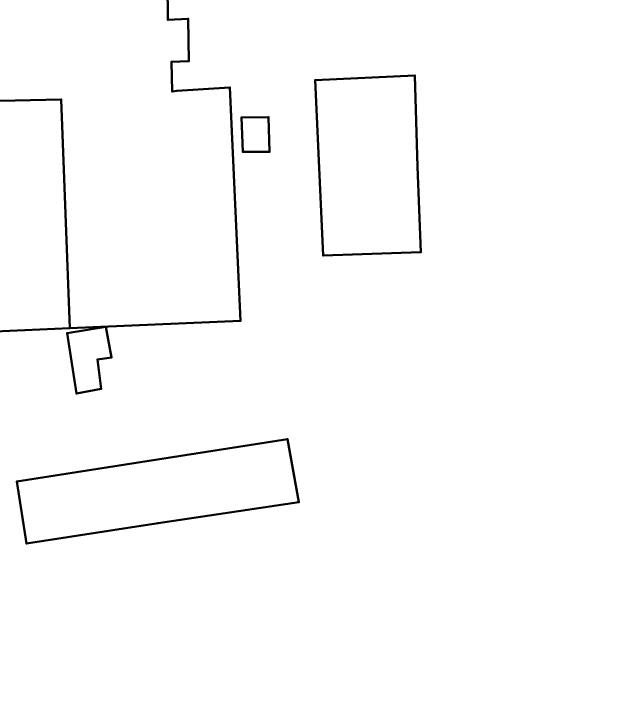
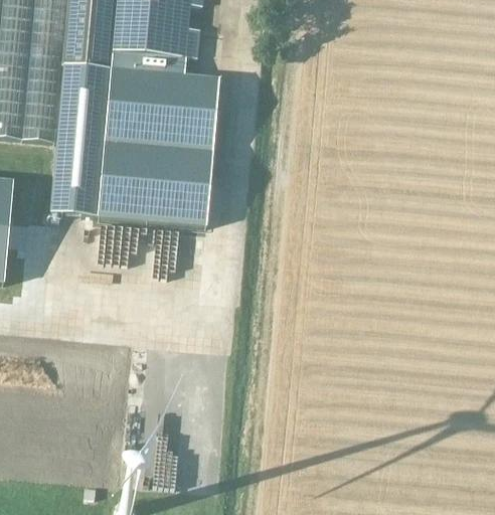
building: [315,75,421,255] -> none
building: [17,439,299,543] -> none

